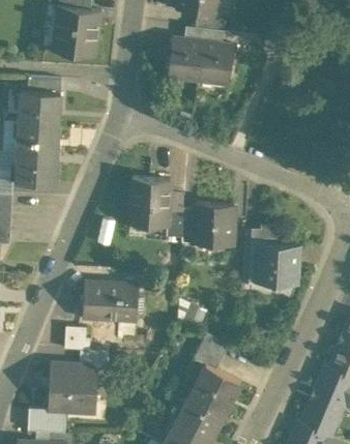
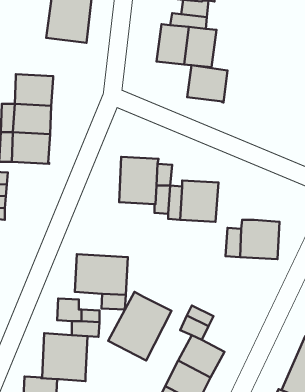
building: none -> [187,65,228,102]
building: [243,229,271,254] -> none
building: none -> [108,292,171,360]

